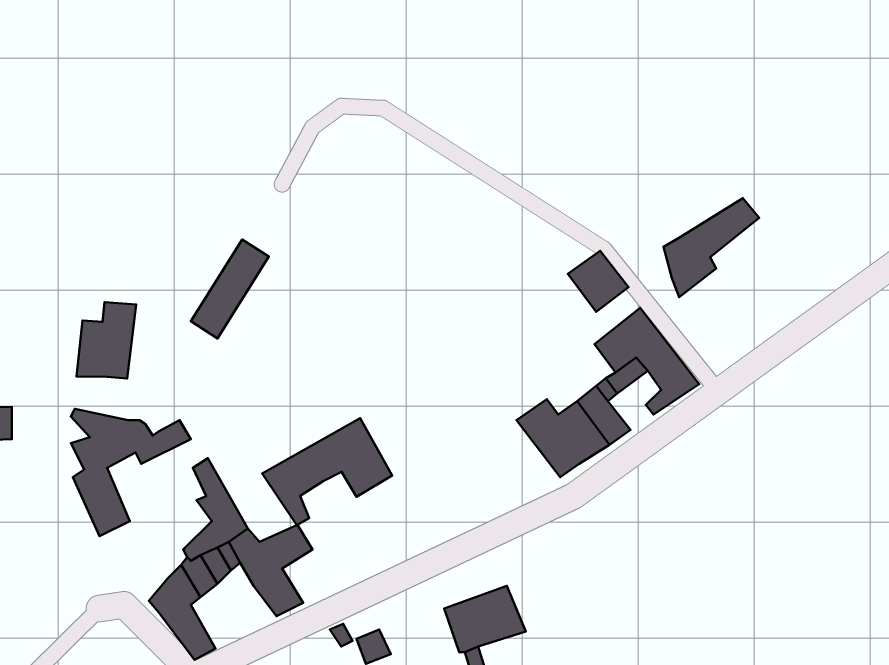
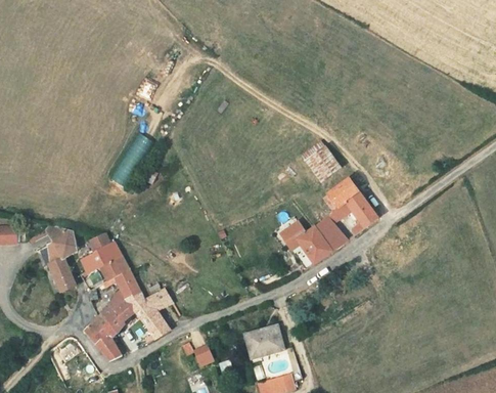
building: [663,198,759,297] -> none
building: [76,302,136,379] -> none
building: [262,418,392,525] -> none
building: none -> [80,243,118,279]

